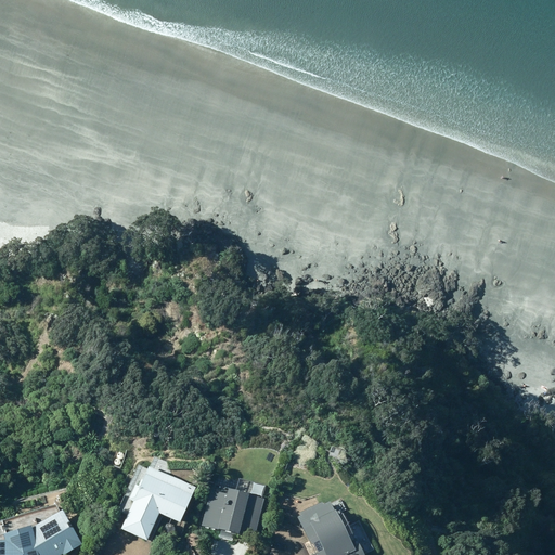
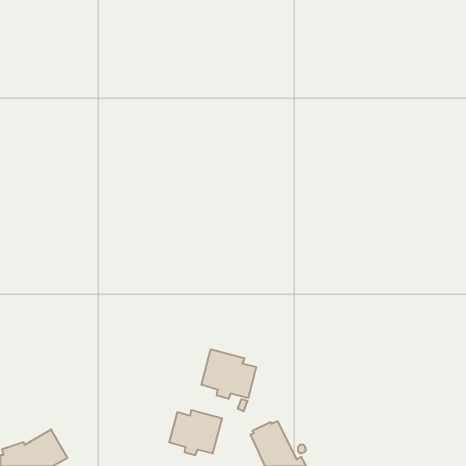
building: none -> [201,349,256,399]
building: [120,466,194,540] -> none

